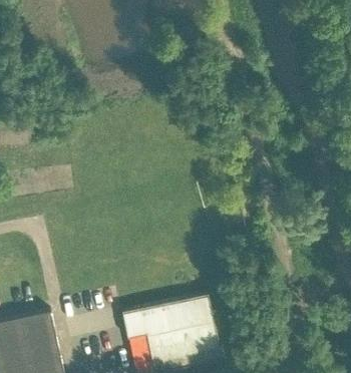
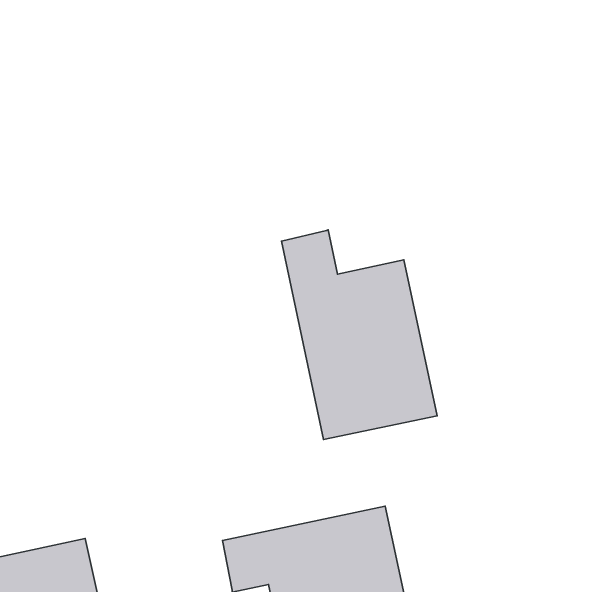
building: none -> [282,230,437,439]

